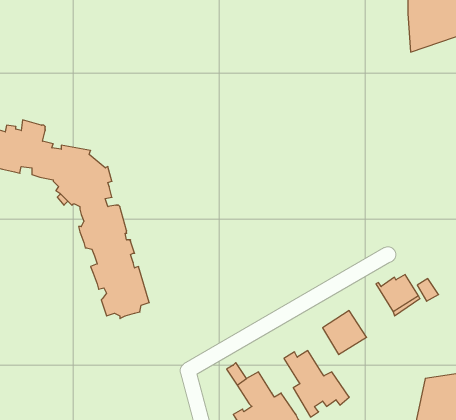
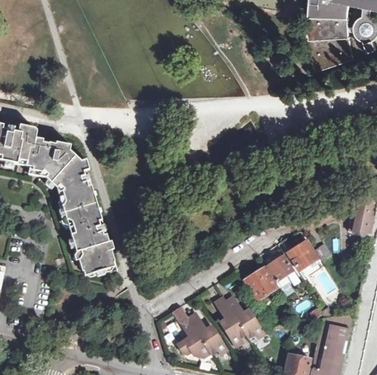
building: none -> [267,252,294,281]

